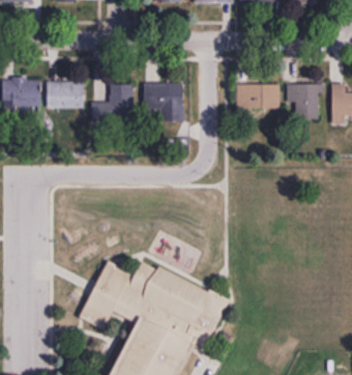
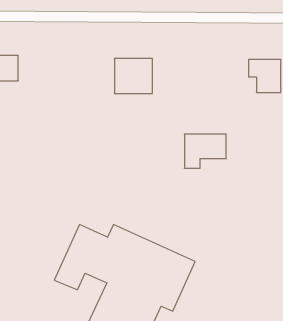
building: [46,82,84,109] -> none
building: [235,83,280,119] -> [184,134,226,168]
building: [91,84,133,117] -> none

